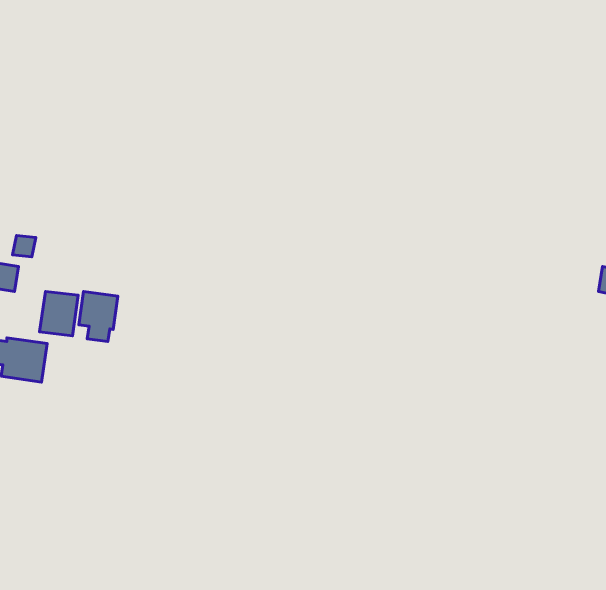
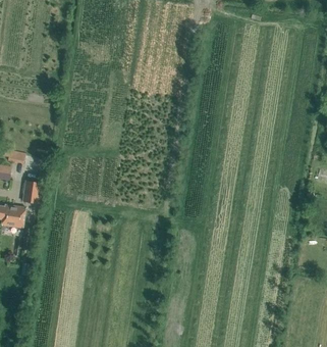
building: [79,292,118,341] -> none

